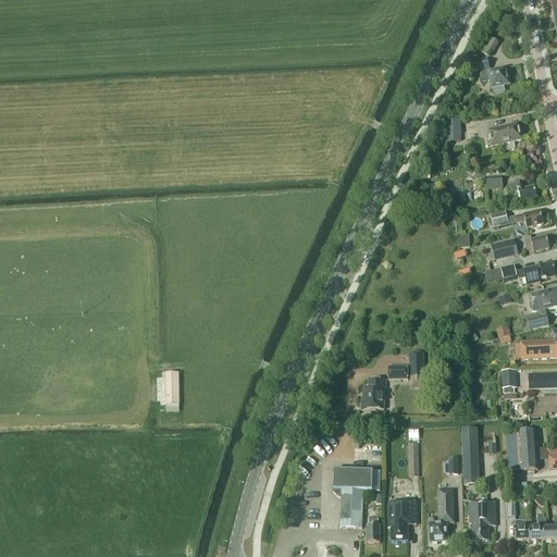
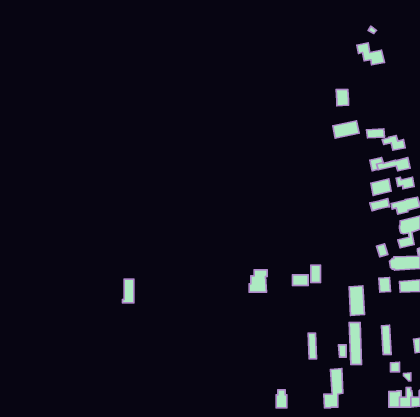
building: [487,122,522,145] -> [333,121,359,138]
building: [361,379,385,408] -> [249,270,267,292]
building: [517,430,537,469] -> [349,286,365,315]
building: [333,468,372,527] -> none
building: [388,500,416,541] -> none
building: [469,500,496,540] -> none

